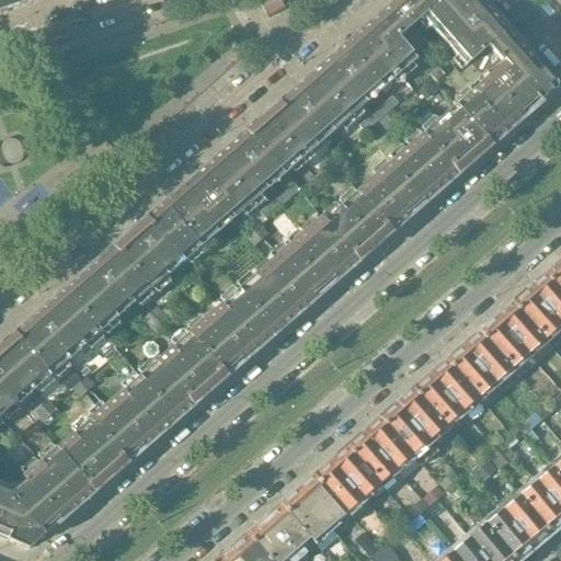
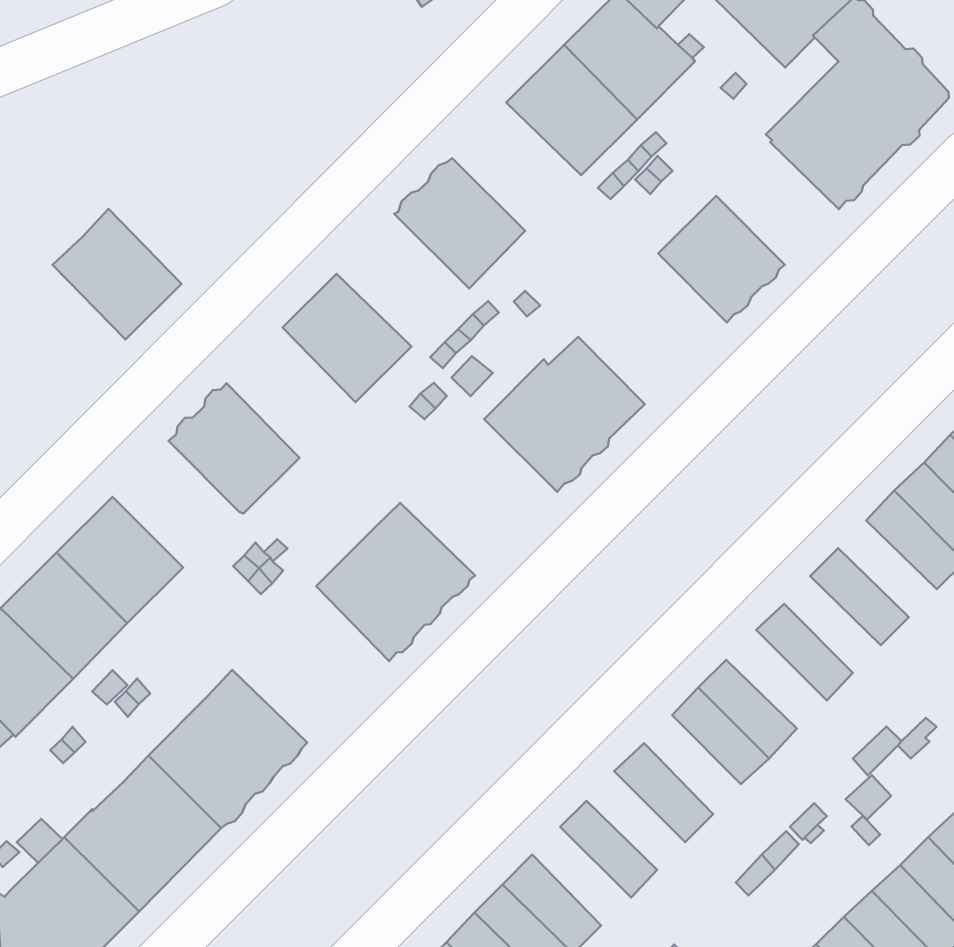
building: [278,76,348,147] -> none
building: [422,107,489,175] -> none
building: [210,133,283,206] -> none
building: [341,164,423,247] -> none
building: [146,191,216,263] -> [53,209,182,339]
building: [79,249,148,319] -> none
building: [237,249,323,334] -> none
building: [476,319,528,374] -> none
building: [138,334,225,420] -> none
building: [444,347,495,402] -> none
building: [410,375,463,431] -> none
building: [362,419,413,474] -> none
building: [328,447,380,503] -> none
building: [296,476,348,531] -> none

